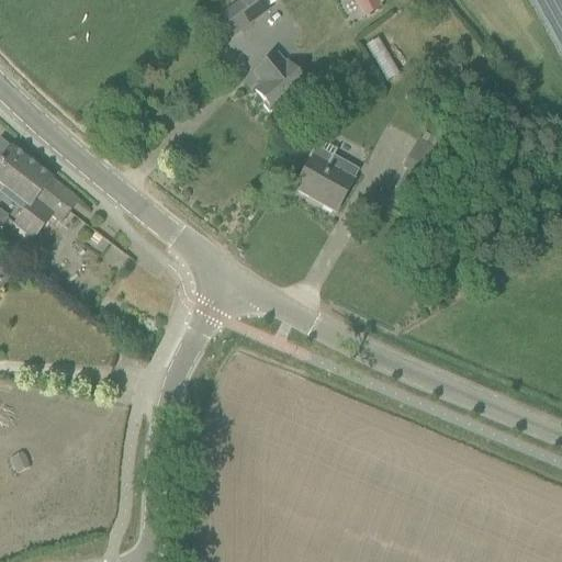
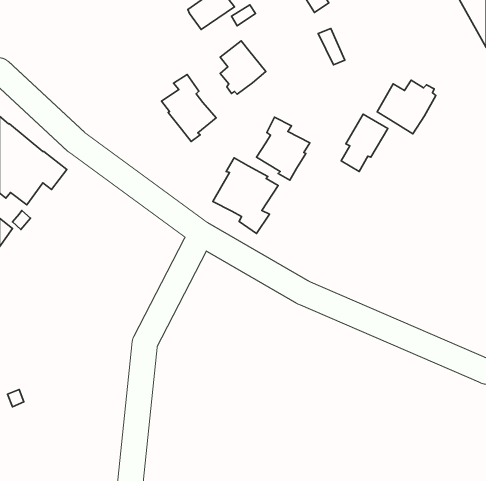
building: none -> [161,74,216,142]
building: none -> [377,80,436,134]
building: none -> [213,158,278,233]

